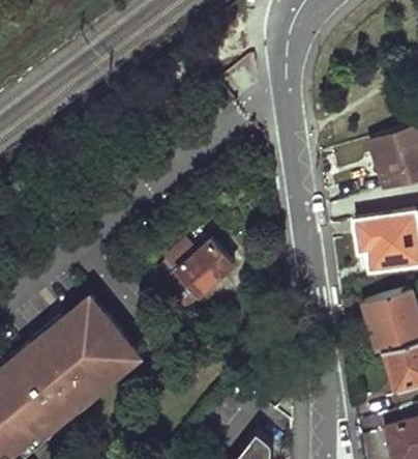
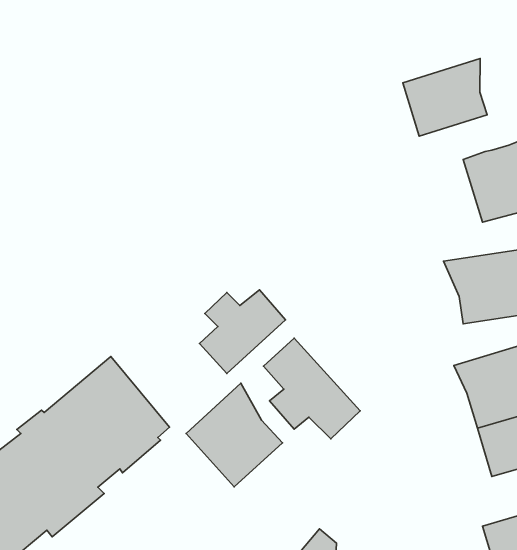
building: none -> [403,58,487,136]
building: none -> [263,338,360,439]
building: none -> [186,383,282,487]

